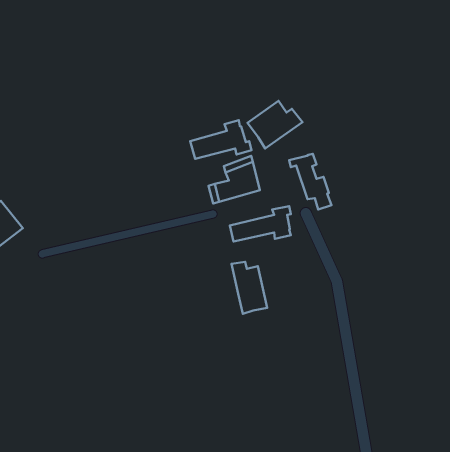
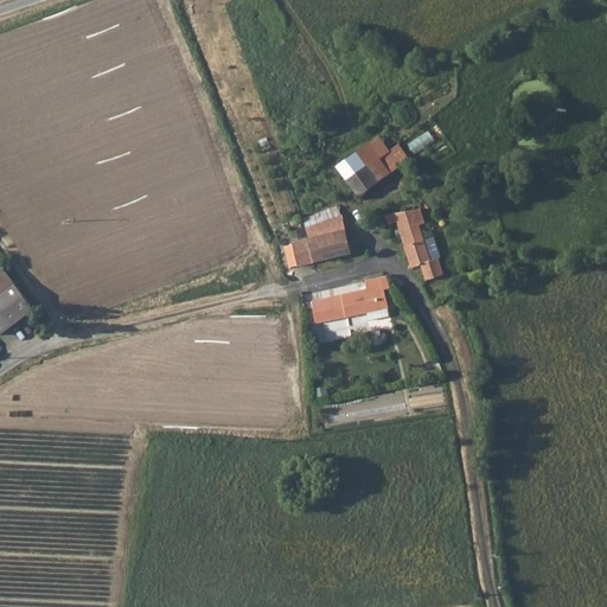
building: [190,120,252,159] -> none
building: [232,262,267,314] -> none

